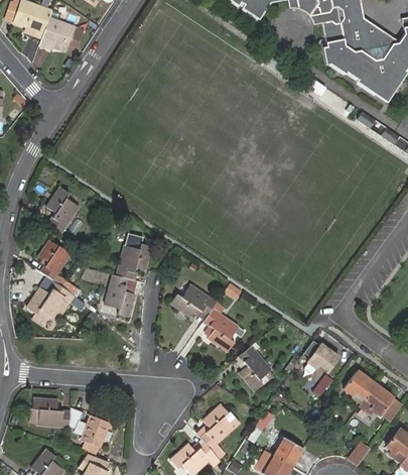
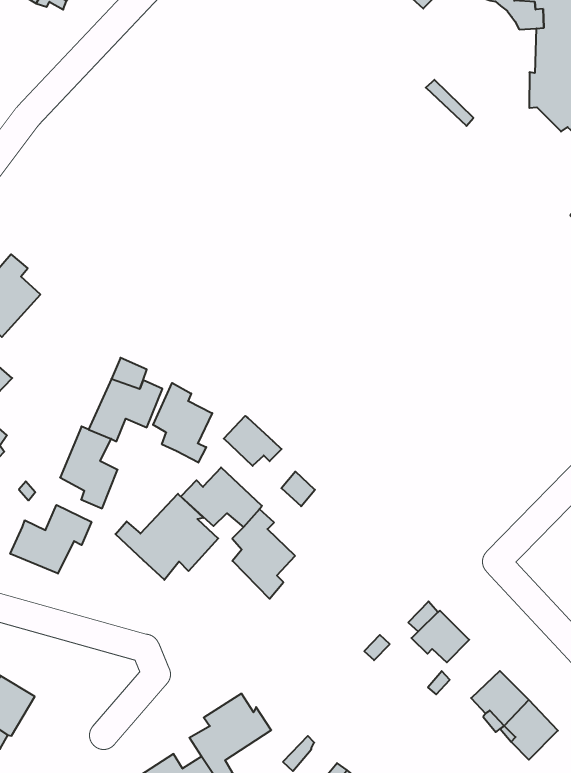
building: none -> [153,383,212,463]
building: none -> [224,416,282,466]
building: none -> [115,494,218,580]
building: none -> [10,505,91,574]
building: [239,346,271,390] -> none

